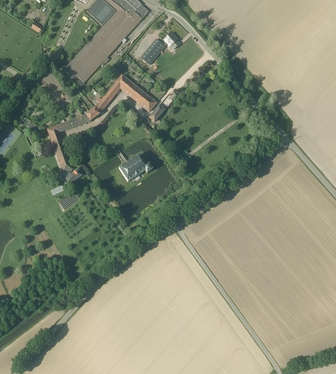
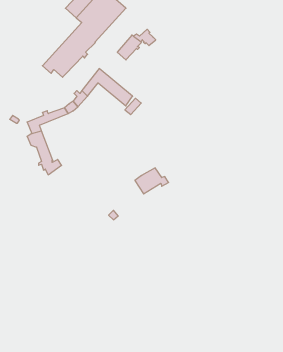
building: [118,154,153,181] -> [135,168,169,194]

